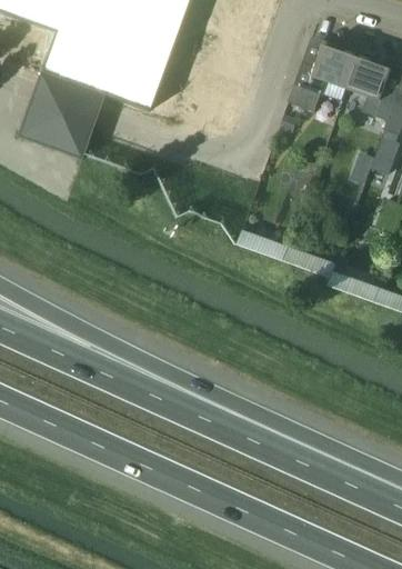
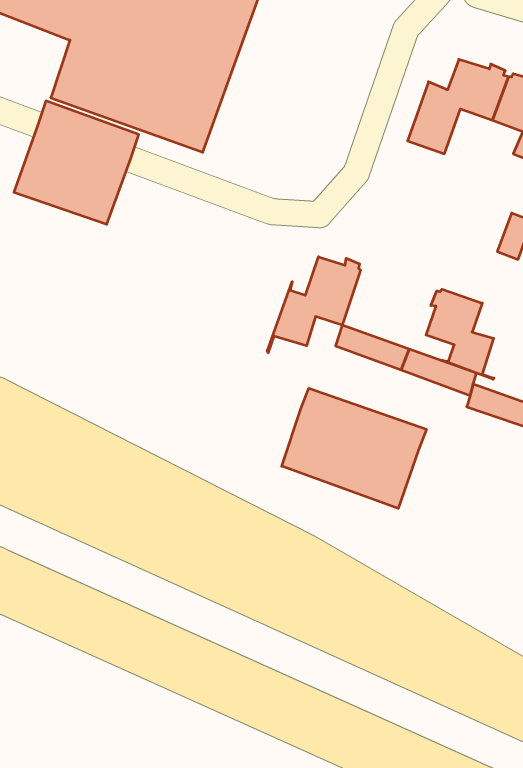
building: none -> [267,257,361,353]
building: none -> [426,289,494,379]
building: none -> [282,388,426,508]

